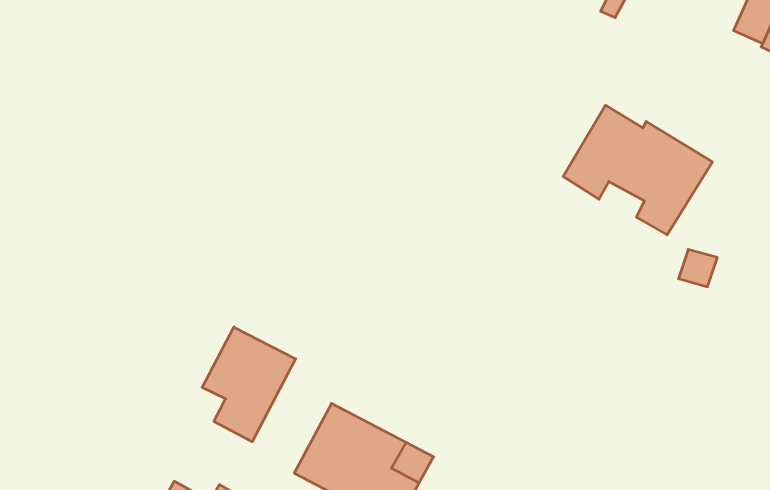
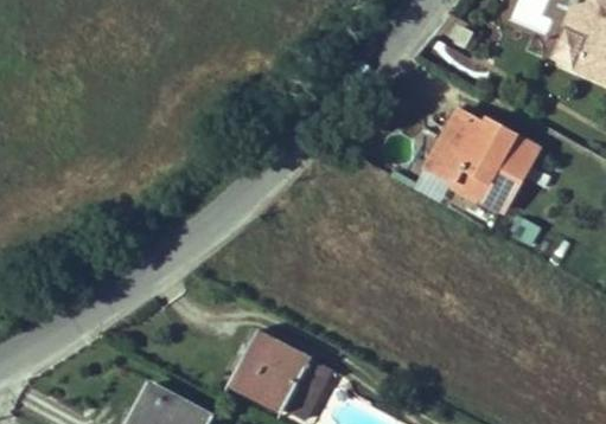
building: [202,327,296,442] -> none

